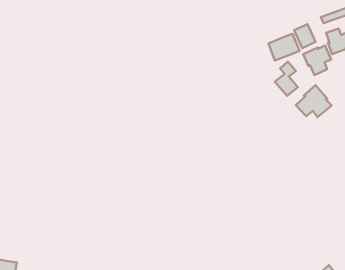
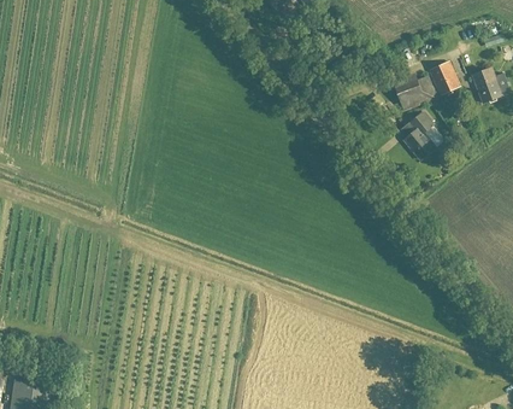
building: [303,45,331,75] -> none
building: [296,85,331,117] -> none

